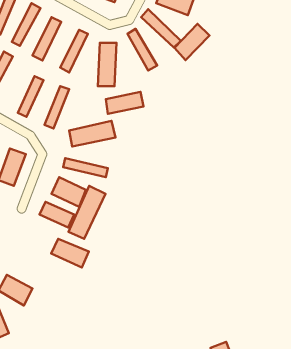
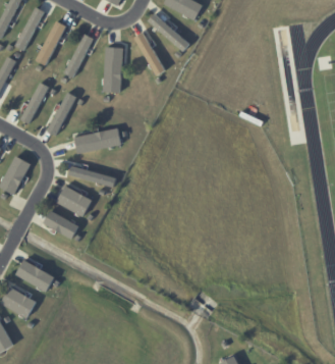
building: [174,24,210,60] -> none
building: [106,92,143,114] -> none
building: [68,186,105,239] -> none
building: [51,239,89,267] -> [15,261,54,291]

